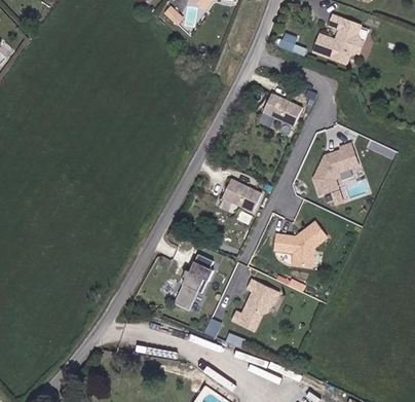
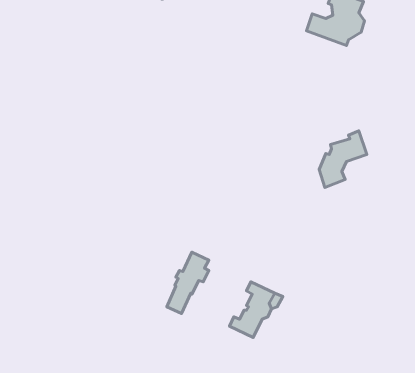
building: [262,93,301,125] -> none
building: [222,178,262,211] -> none
building: [275,220,327,265] -> none

